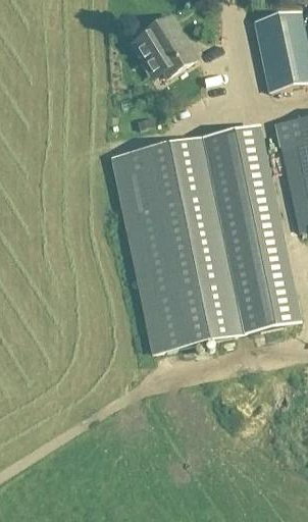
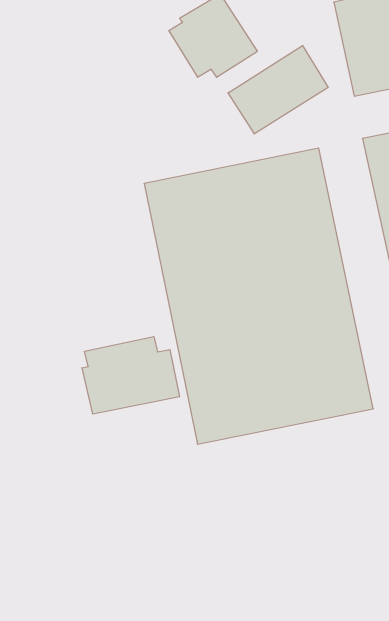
building: none -> [228,46,328,134]
building: none -> [82,337,180,414]

